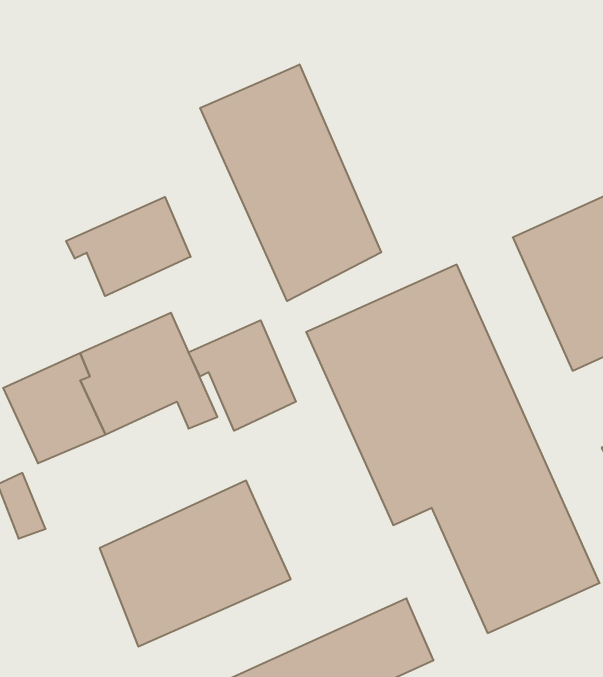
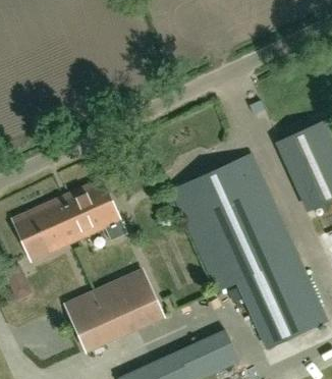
building: [200,64,381,301] -> none
building: [66,197,191,296] -> none
building: [189,320,296,431] -> none

